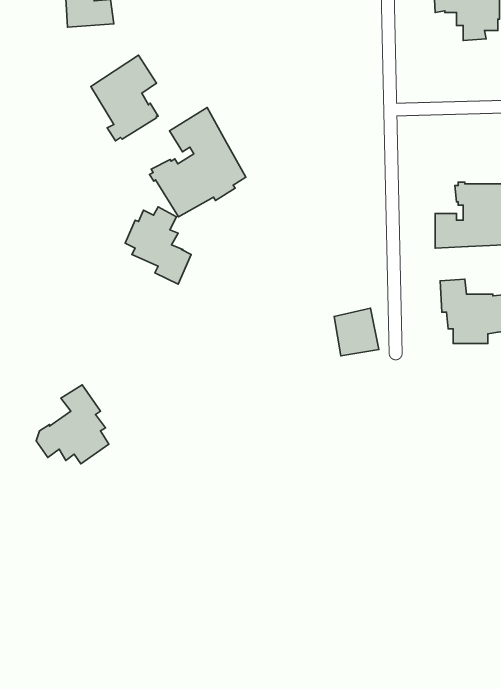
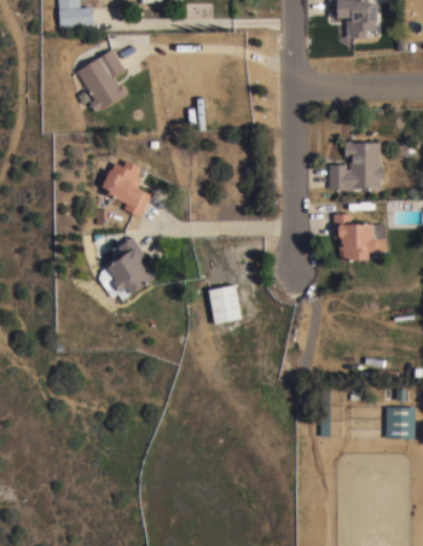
building: [150,107,246,217] -> none
building: [334,308,379,356] -> [209,284,242,319]
building: [36,385,109,464] -> [99,237,152,295]

